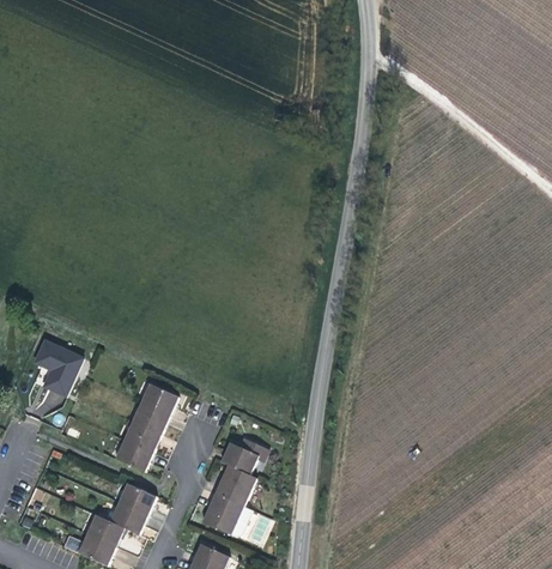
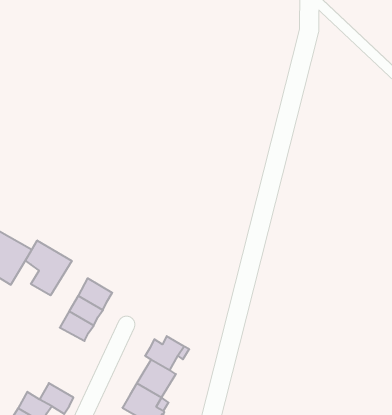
building: none -> [26,240,72,295]
building: [115,440,152,471] -> none
building: [117,483,154,515] -> none

